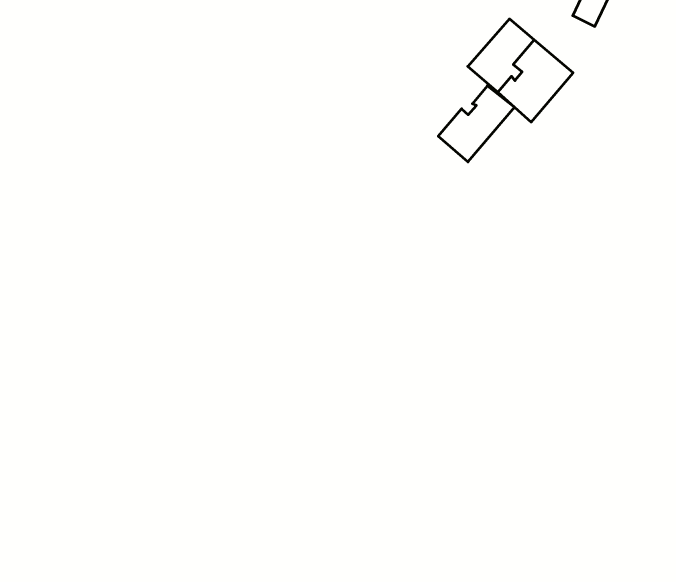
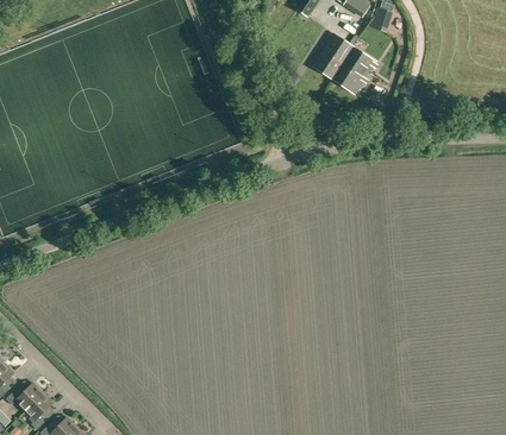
building: [438,86,515,162] -> none

